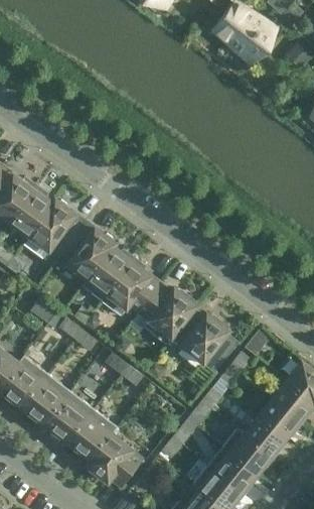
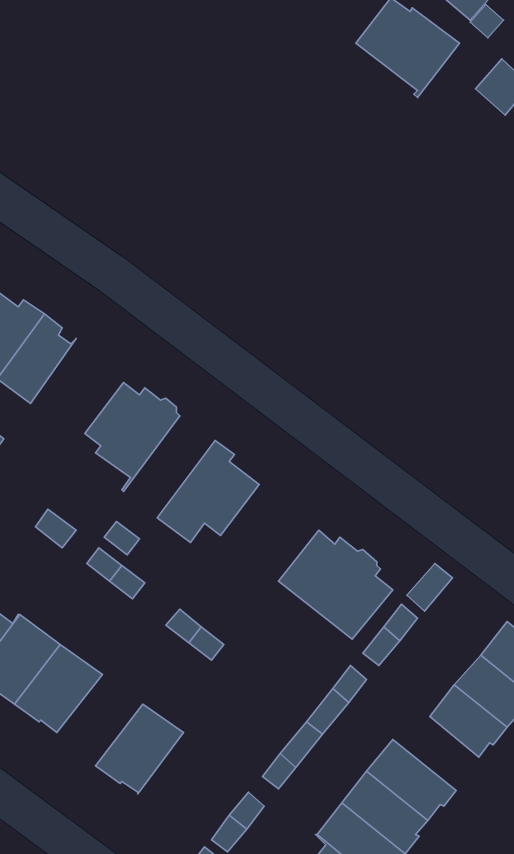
building: [23,199,83,259] -> none
building: [83,243,135,301] -> none
building: [138,282,196,344] -> none
building: [44,391,94,443] -> none
building: [237,415,286,458] -> none
building: [86,424,142,486] -> none

